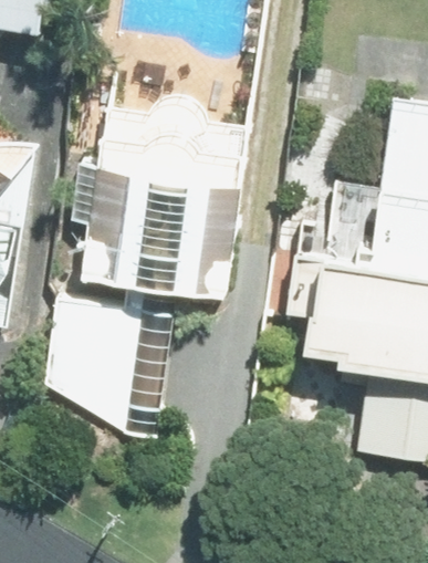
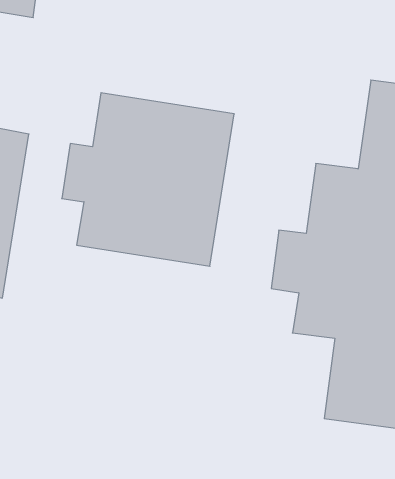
building: [44,296,171,435] -> none

